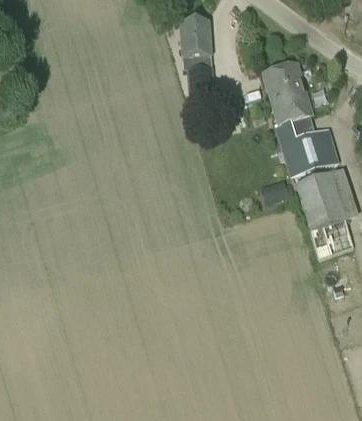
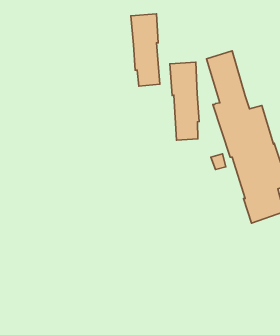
building: none -> [170,62,199,140]

